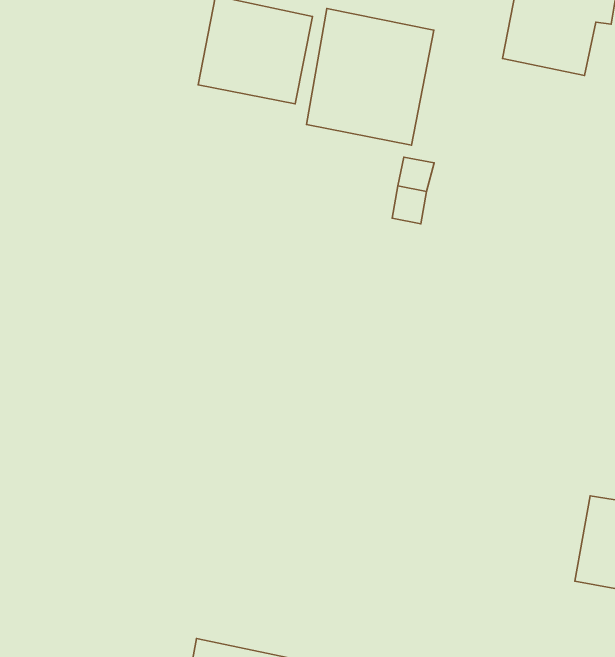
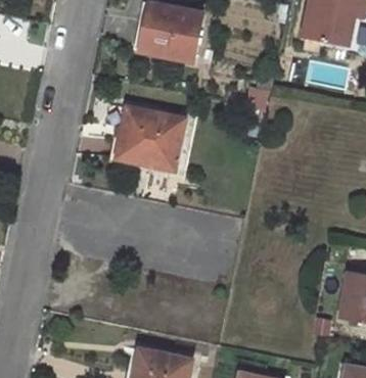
building: [307,9,434,145] -> none
building: none -> [117,107,183,170]

